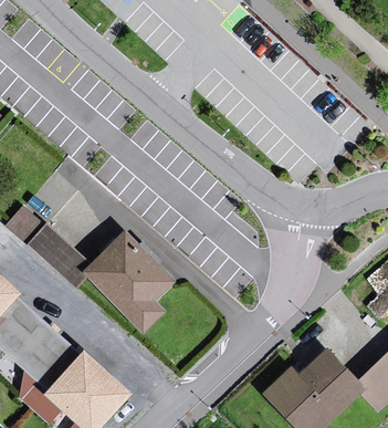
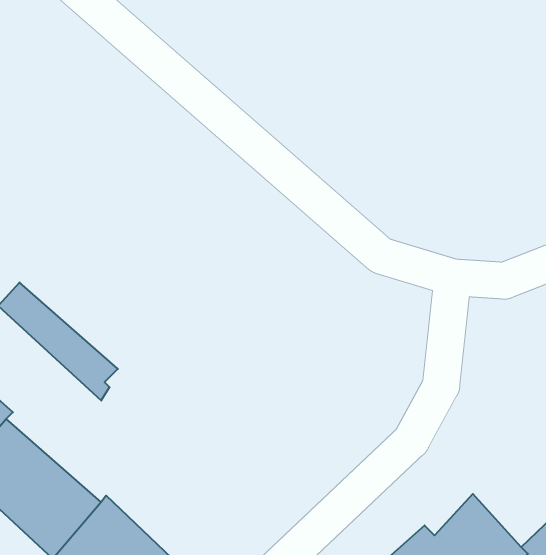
building: [76,230,170,333] -> none

